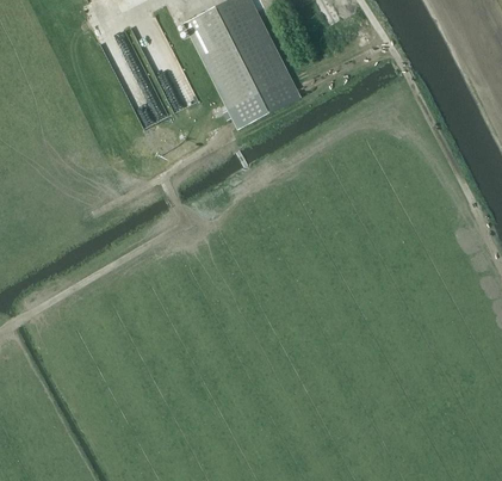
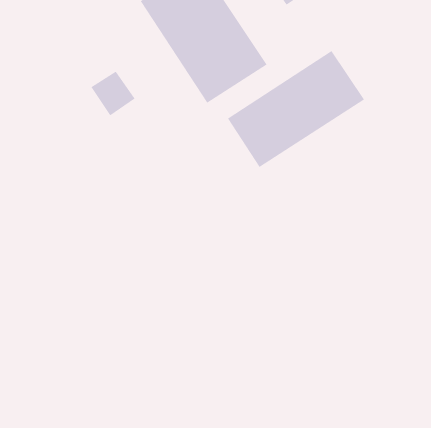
building: none -> [227,50,365,168]

